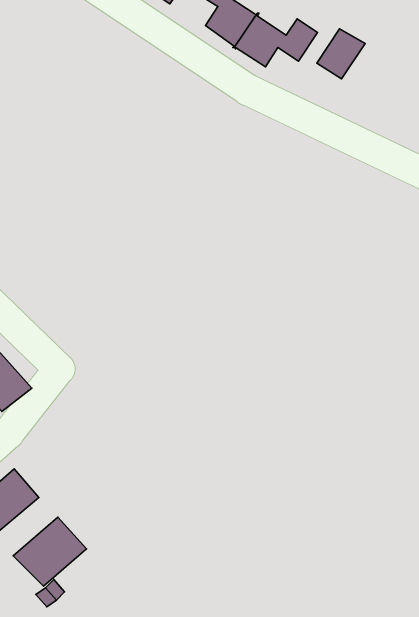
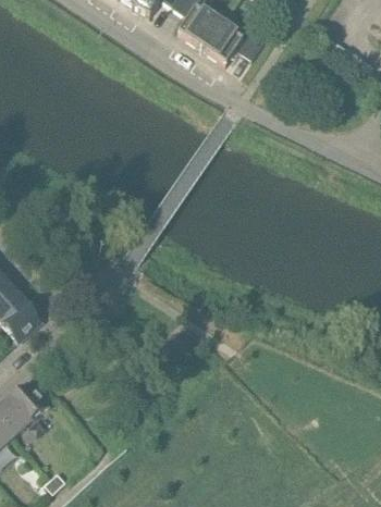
building: [317,29,365,79] -> none
building: [13,517,86,586] -> none

